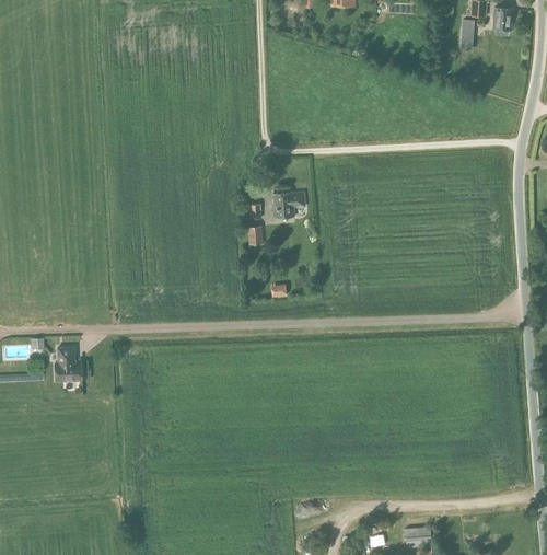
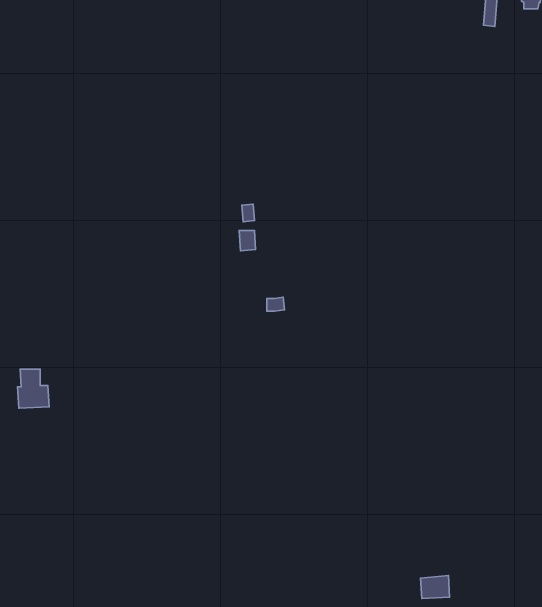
building: [271,192,305,218] -> none

